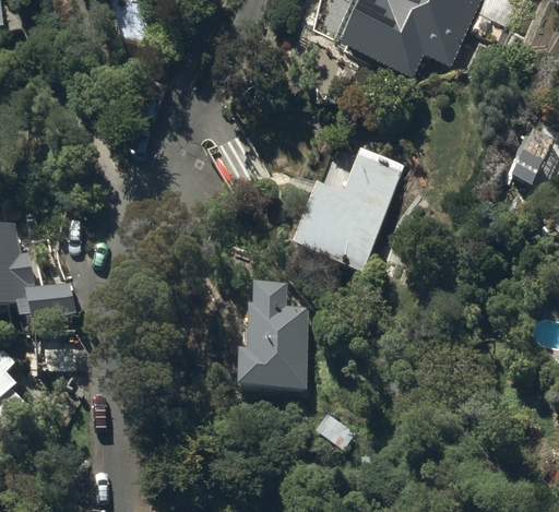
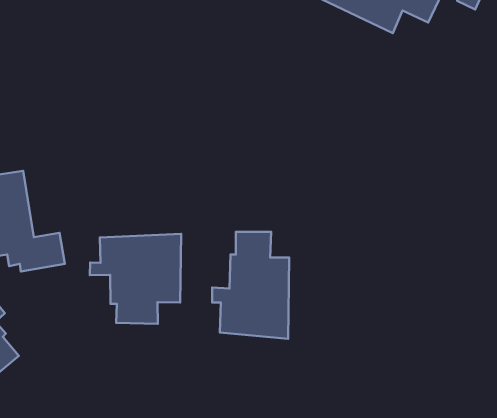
building: [290,145,404,271] -> none
building: none -> [90,234,181,324]

